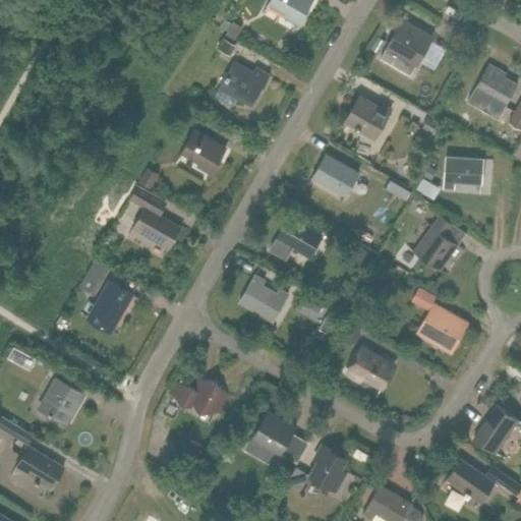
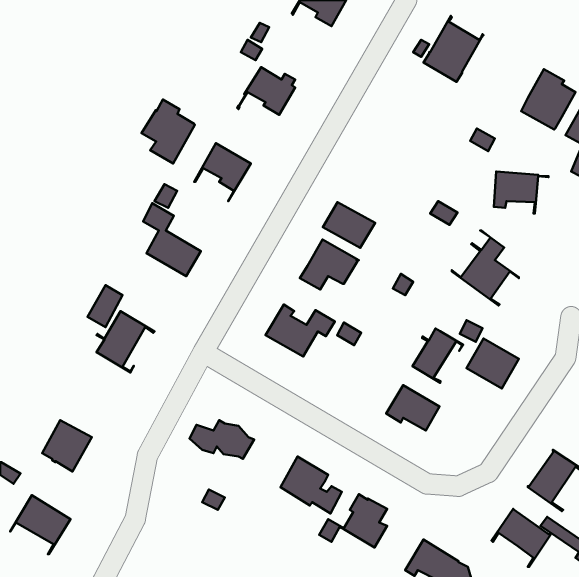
building: none -> [142,99,195,163]
building: [339,97,395,140] -> none
building: [312,156,359,196] -> [323,202,375,248]
building: none -> [413,328,463,383]

